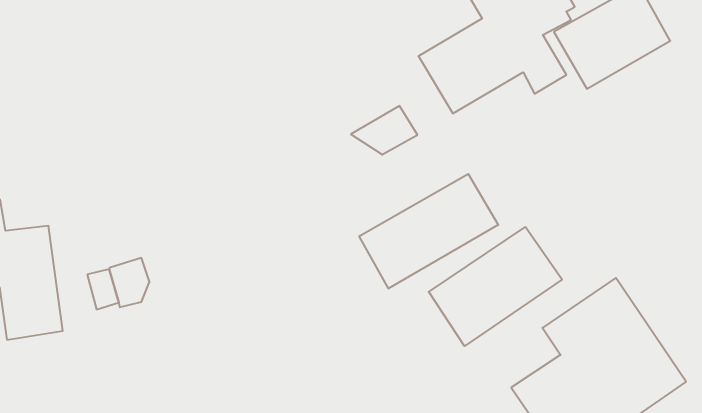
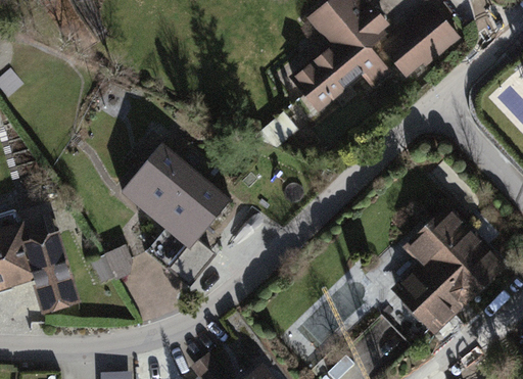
building: none -> [120,142,232,288]
building: [359,174,498,289] -> none
building: [429,227,562,346] -> none

